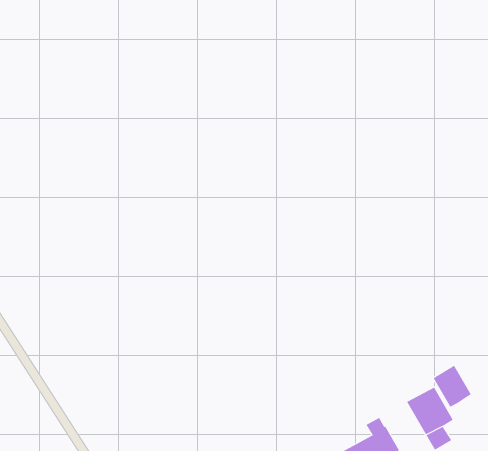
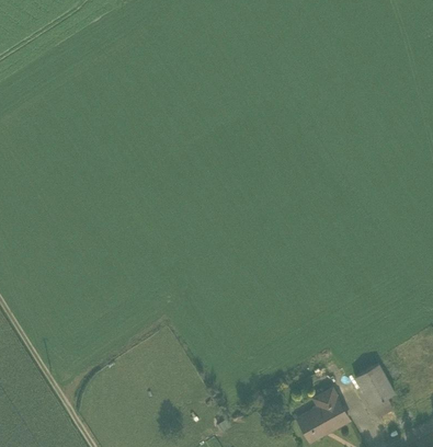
building: [433,365,471,408] -> none

